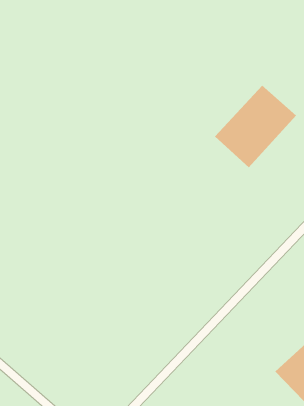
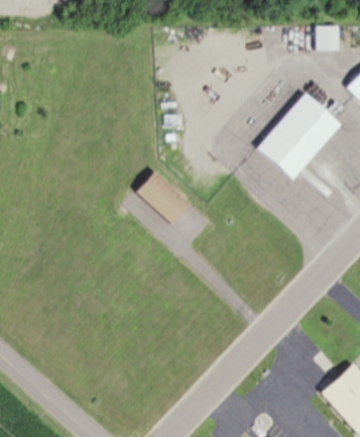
building: none -> [315,25,339,50]
building: none -> [136,172,189,223]

